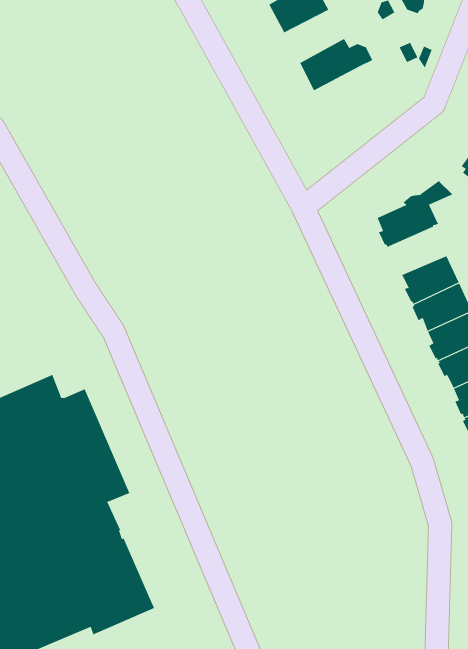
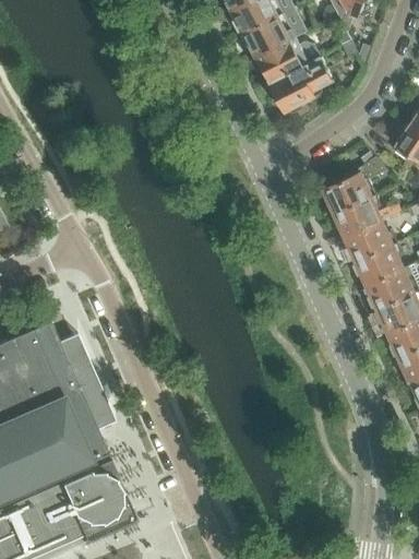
building: none -> [244,13,296,58]
building: none -> [270,56,333,114]
building: none -> [331,197,394,237]

